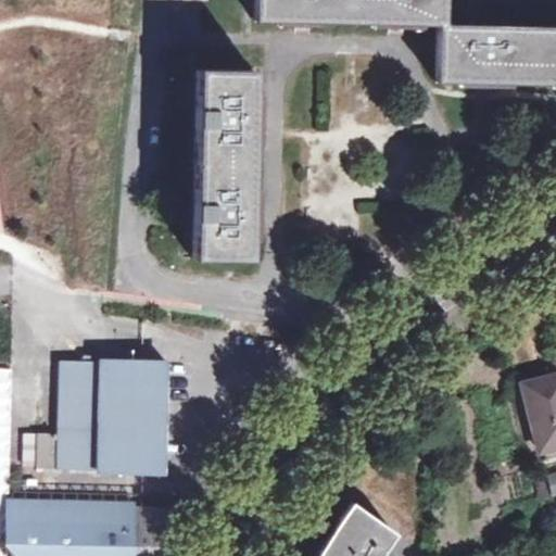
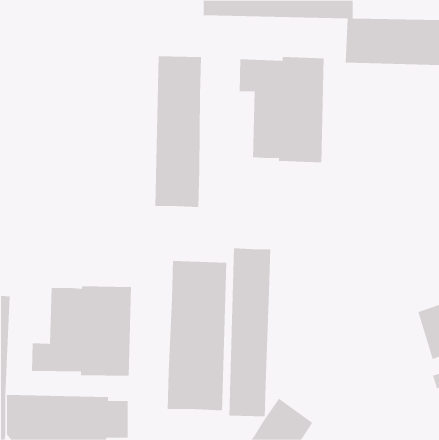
building: none -> [239,56,324,163]
building: none -> [229,248,271,417]
building: none -> [167,260,227,411]

